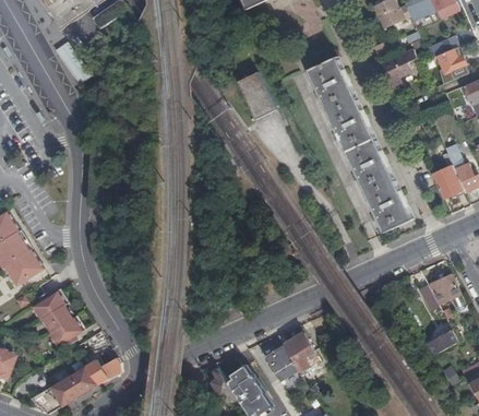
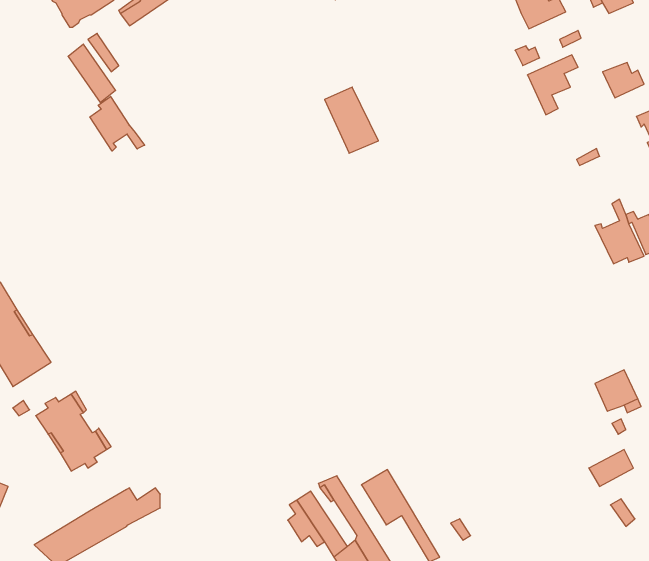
building: [309,56,414,231] -> none
building: none -> [90,96,145,151]
building: [283,332,313,371] -> none

